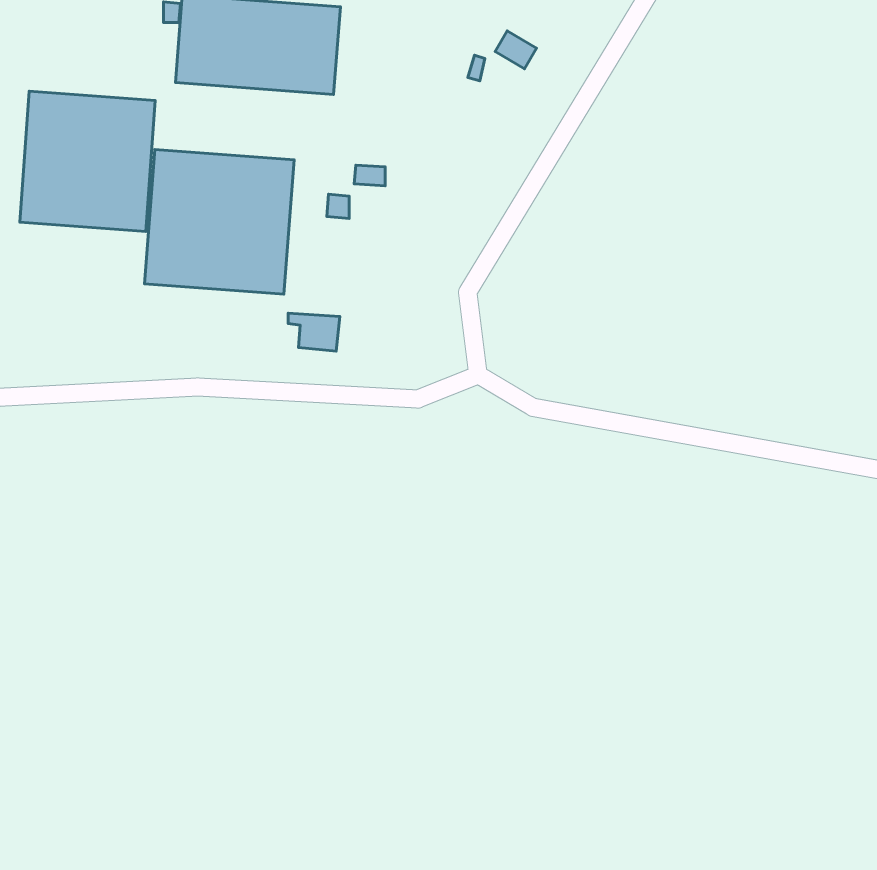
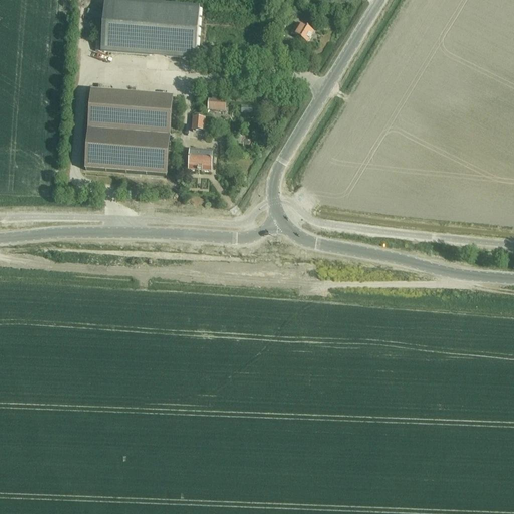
building: [20,91,155,231] -> none
building: [288,313,340,351] -> [182,147,212,169]

